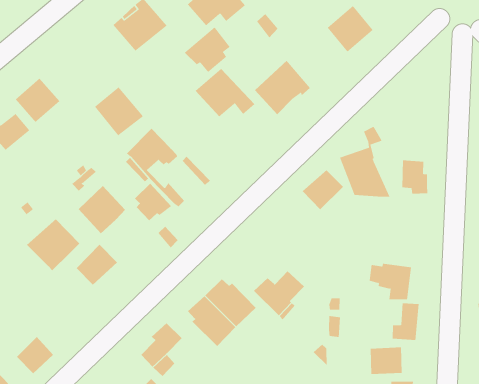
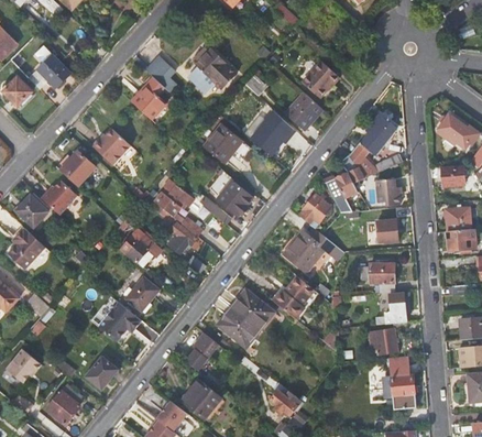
building: [184,26,231,73] -> none
building: none -> [289,96,321,128]
building: none -> [350,113,403,177]
building: [94,87,144,136] -> [92,124,133,164]
building: none -> [217,182,252,216]
building: none -> [375,219,397,242]
building: none -> [284,230,343,271]
building: [26,218,80,272] -> [98,302,141,345]

